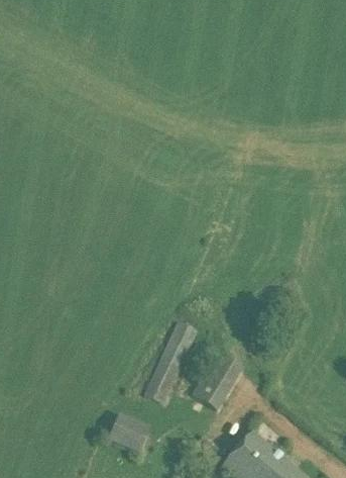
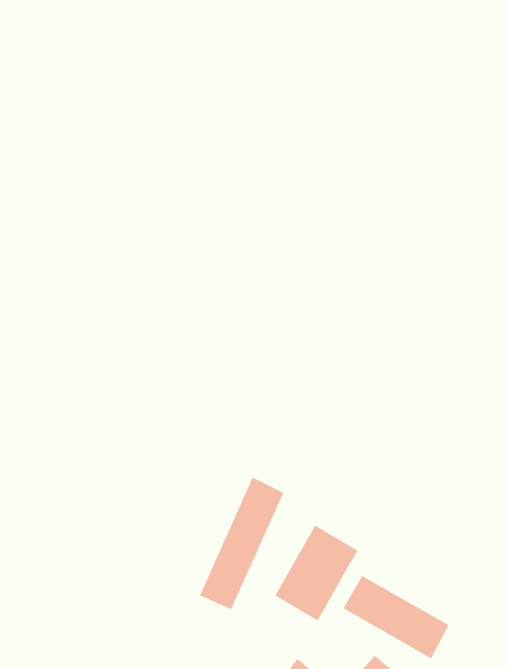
building: none -> [343,575,449,659]

